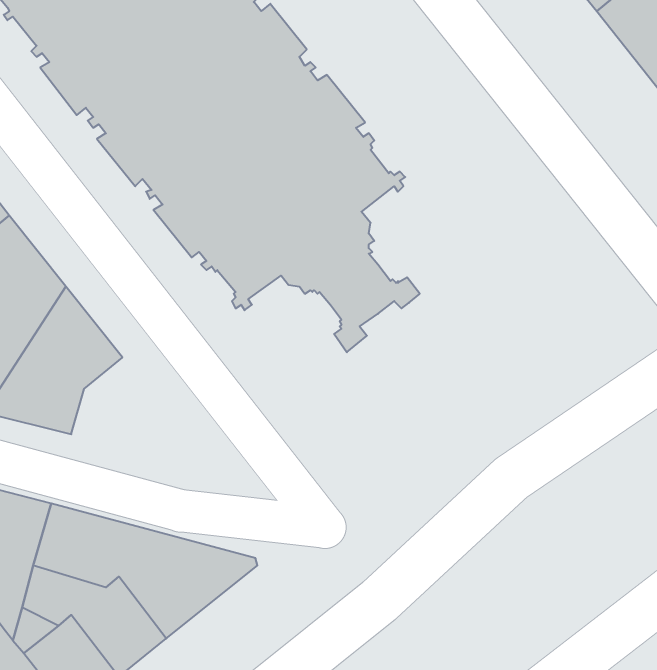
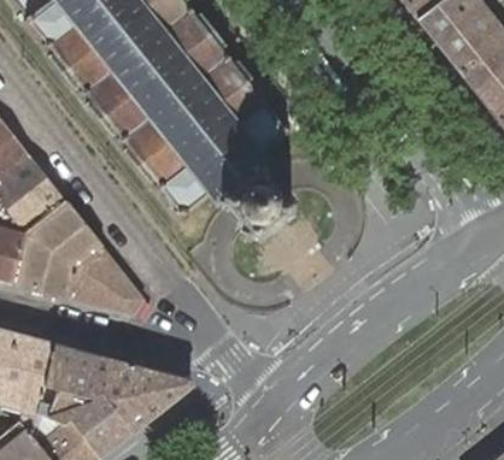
building: none -> [68,247,142,315]

